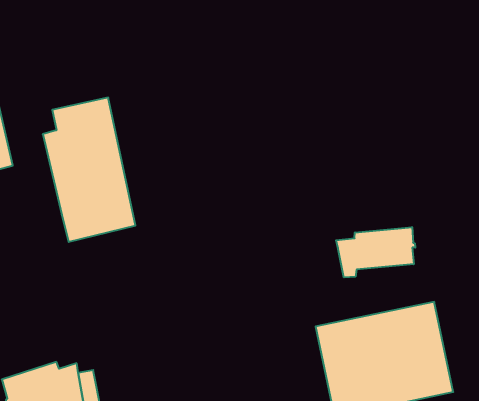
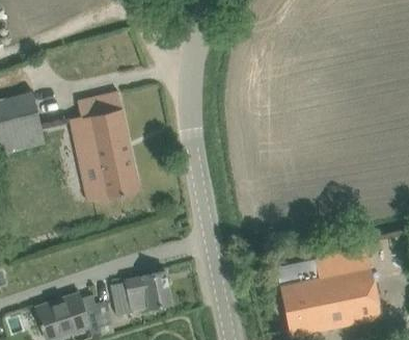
building: [336,227,415,277] -> none
building: none -> [111,271,172,317]

